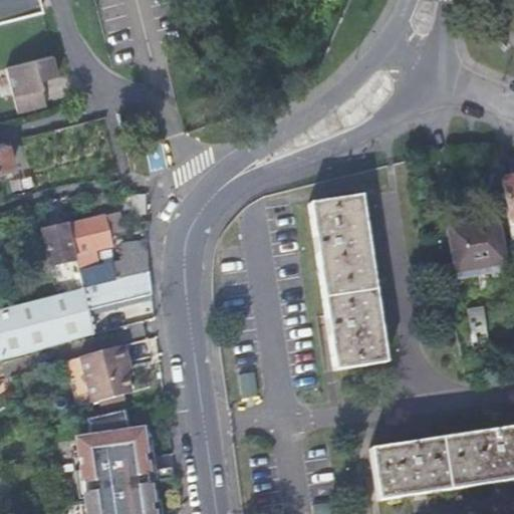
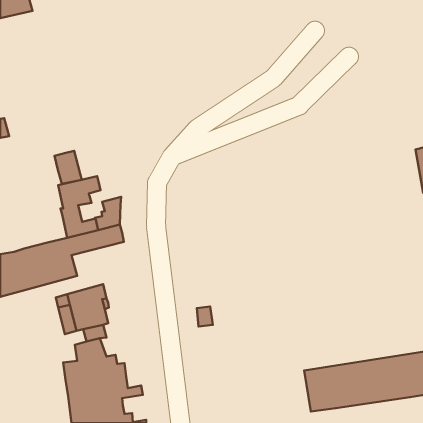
building: [6,57,57,112] -> none
building: [309,192,387,368] -> none
building: [450,221,507,273] -> none
building: [44,224,77,264] -> [54,151,82,184]

